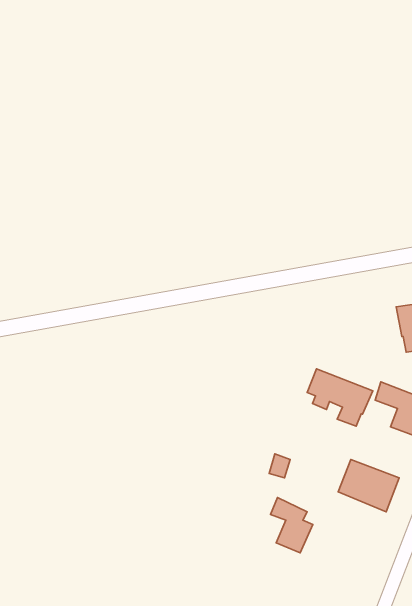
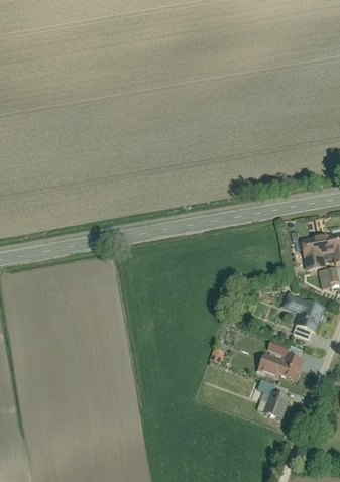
building: [307,369,373,426] -> none
building: [270,498,313,553] -> [260,380,291,419]

